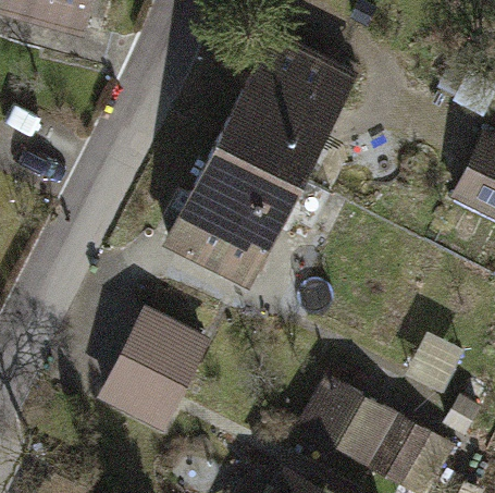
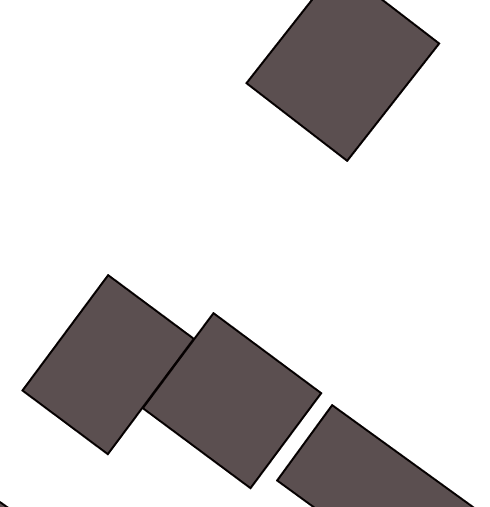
building: [164,140,305,286] -> none
building: none -> [143,313,321,488]

